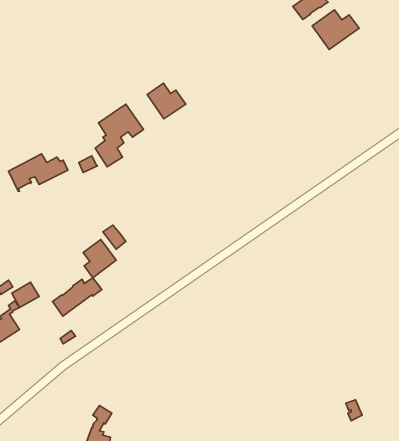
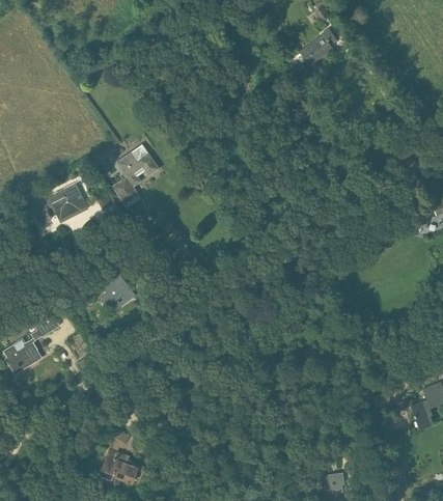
building: [312,10,359,49] -> none
building: [147,83,186,119] -> none
building: [53,278,102,316] -> none

